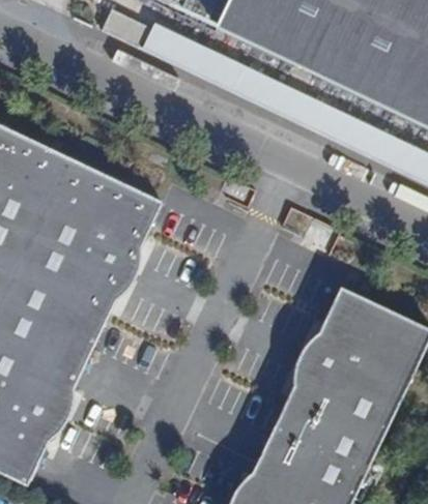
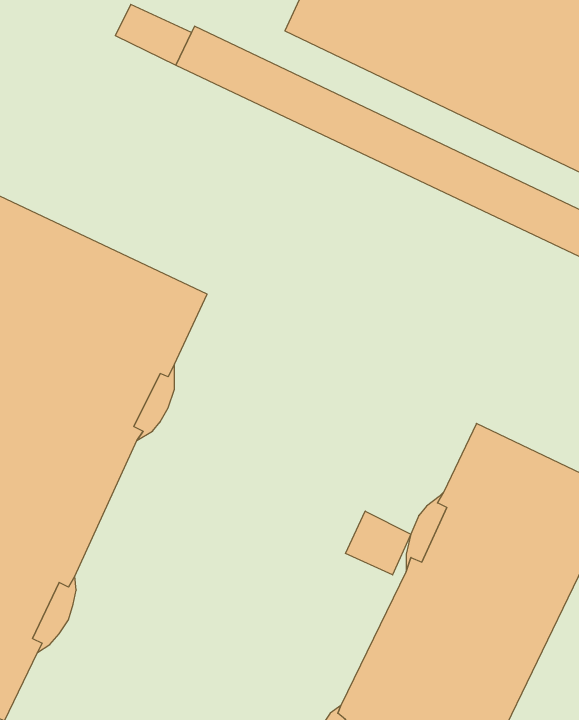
building: none -> [346,511,411,575]

